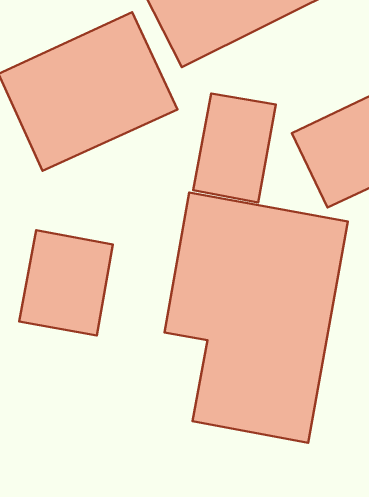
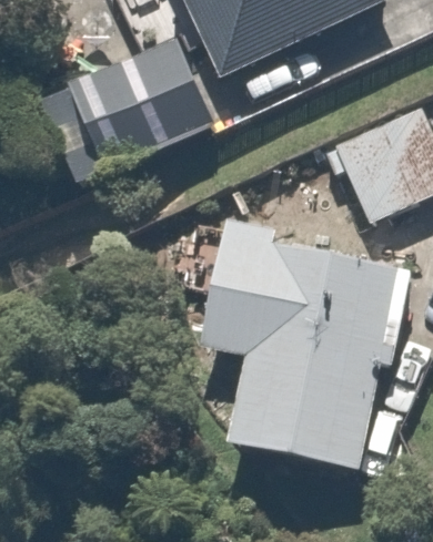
building: [193,94,276,203] -> none
building: [19,230,113,335] -> none

